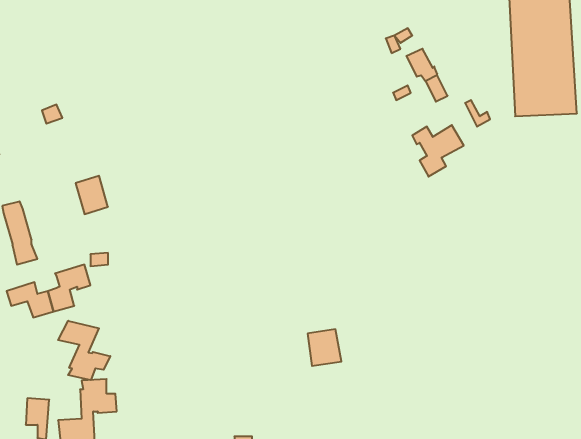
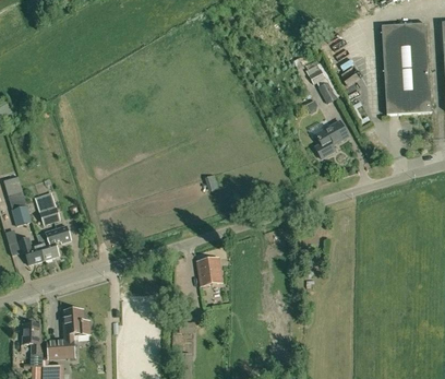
building: [76,176,108,214] -> [37,197,61,225]
building: [58,321,110,380] -> none
building: [308,329,341,366] -> [197,258,222,285]

